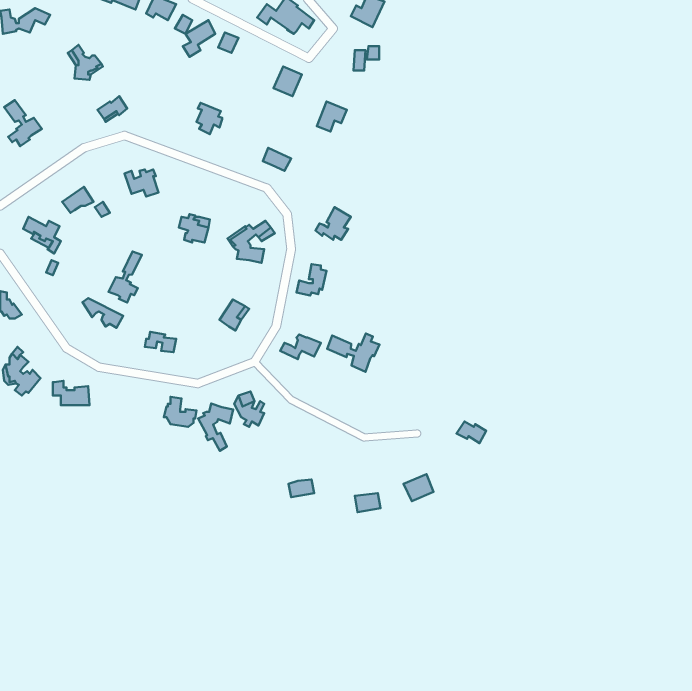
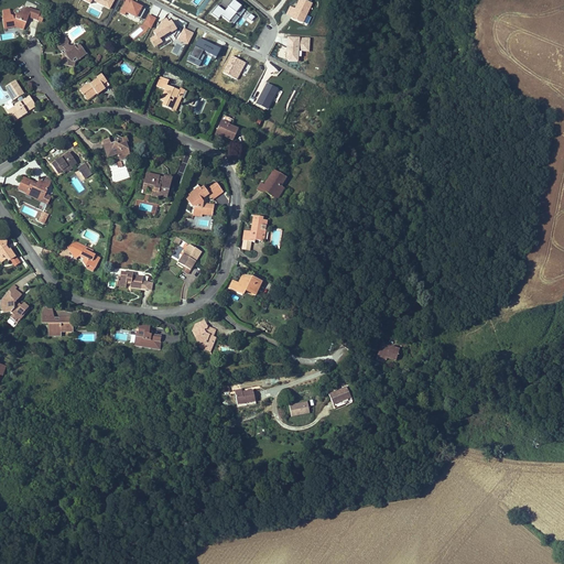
building: none -> [187,35,220,65]
building: [108,252,142,303] -> none
building: [327,333,379,372] -> none
building: [198,404,233,451] -> none

